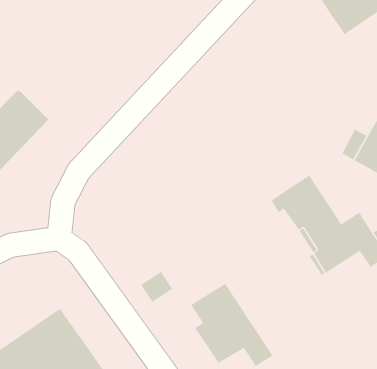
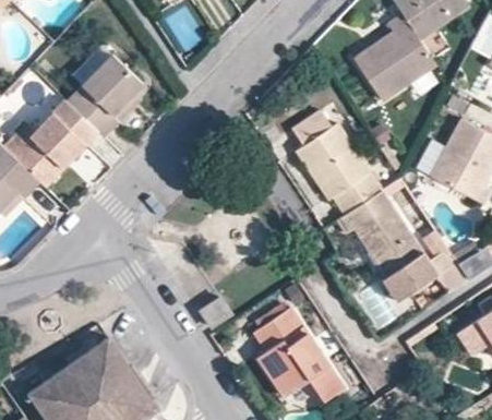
building: none -> [352,14,437,103]
building: none -> [68,53,144,137]
building: none -> [291,112,382,216]

